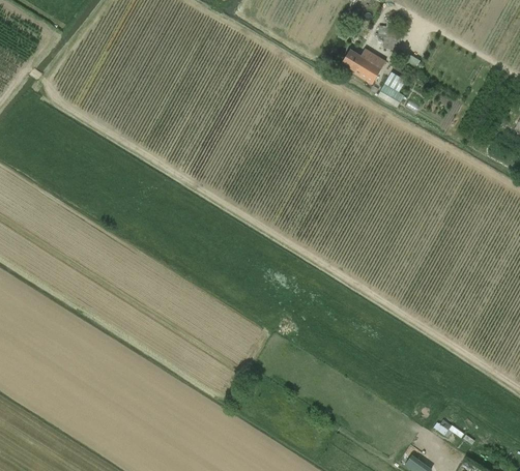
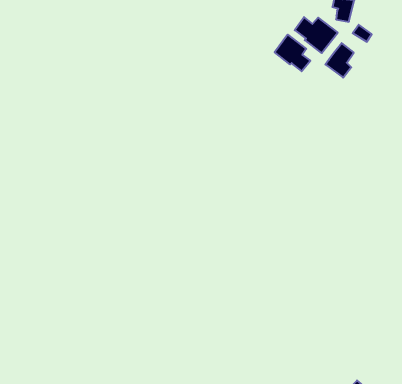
building: none -> [275,35,310,71]

